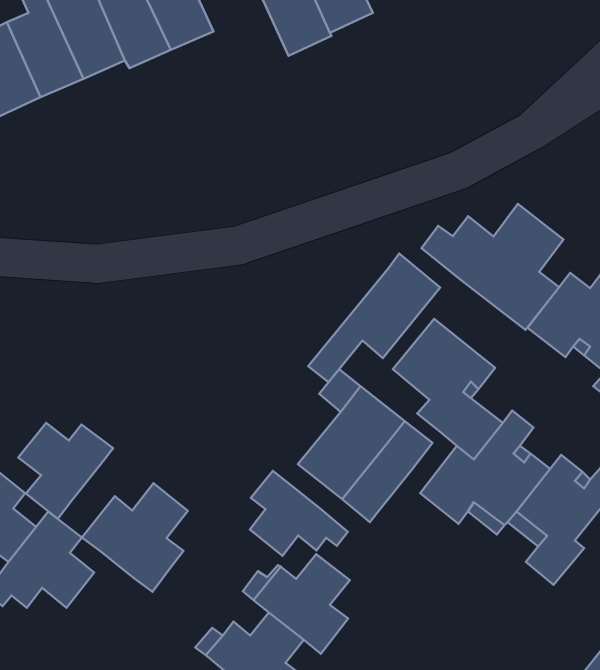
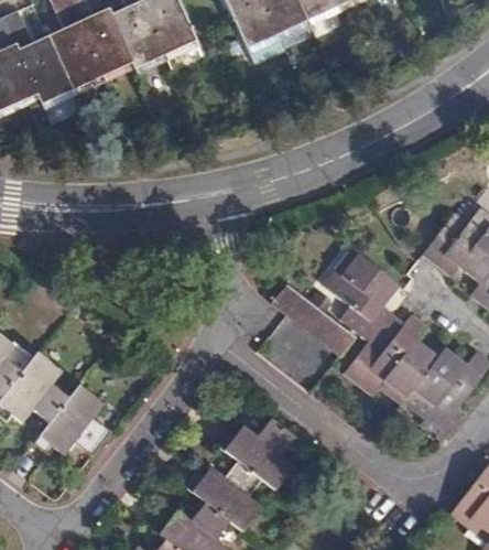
building: [421,204,563,330] -> none
building: [308,254,440,382] -> none
building: [18,423,113,519] -> none
building: [250,471,348,556] -> none
building: [82,483,188,592] -> none

